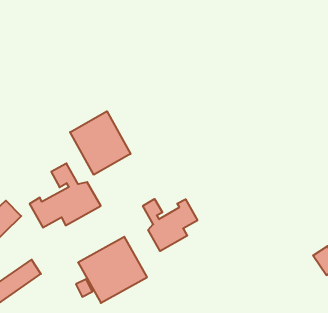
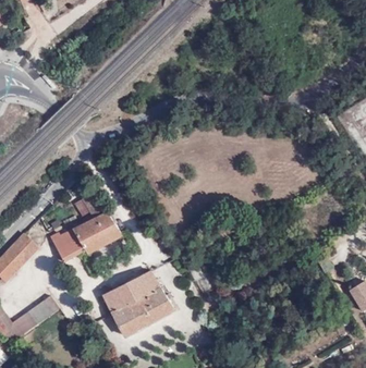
building: [70,111,131,175] -> none
building: [143,199,197,251] -> none

